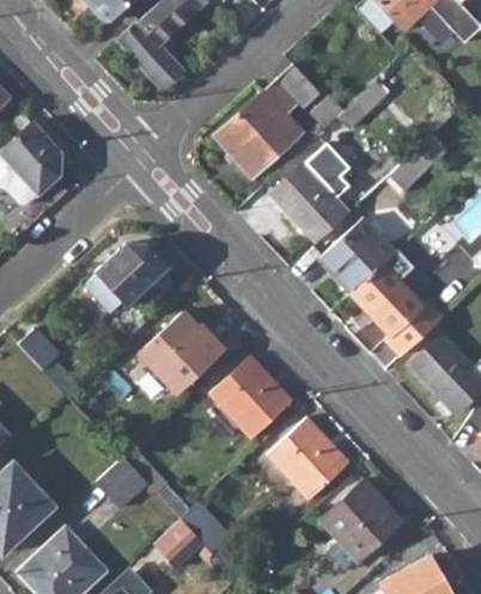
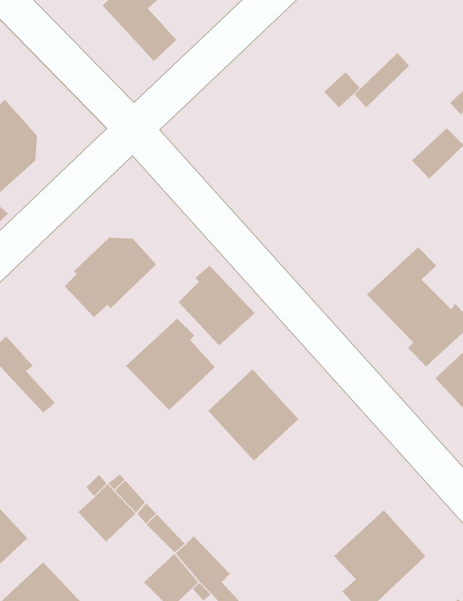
building: [217,63,322,176] -> none
building: [274,141,357,243] -> none
building: [319,217,395,292] -> none
building: none -> [178,265,256,346]
building: [268,418,348,499] -> none

